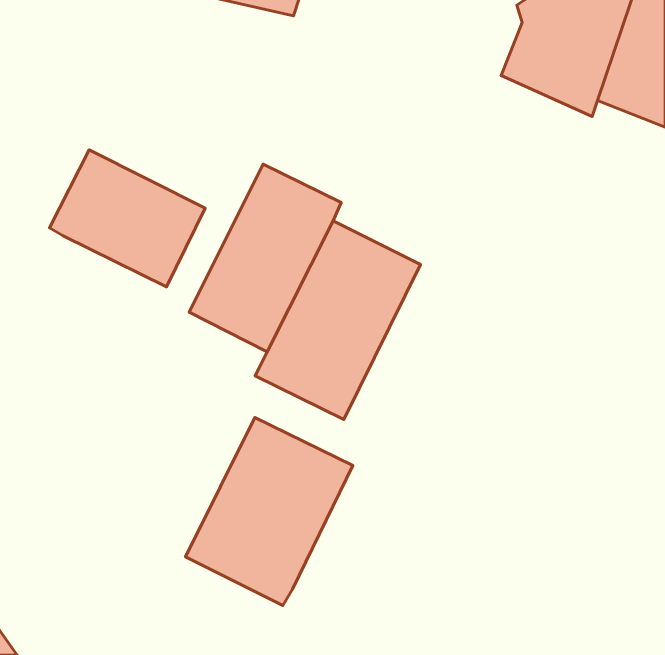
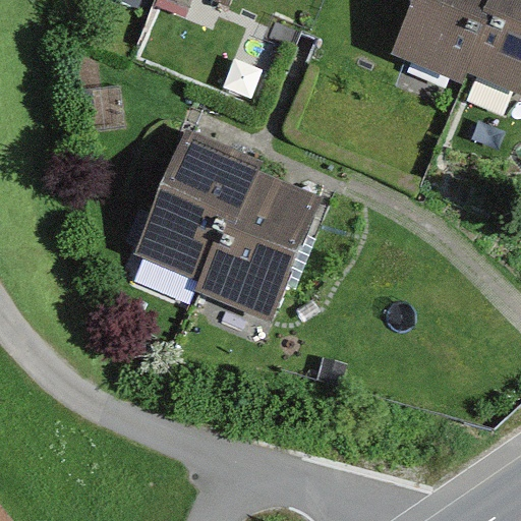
building: [50,150,205,287] -> none
building: [186,417,353,606] -> none

